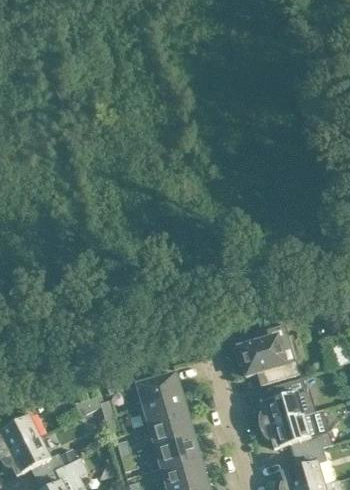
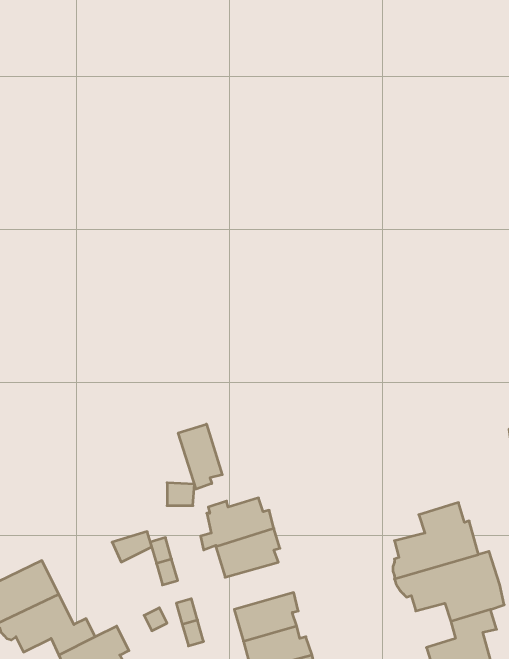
building: [233,324,300,386] -> none
building: none -> [178,424,222,489]
building: [149,417,194,448] -> none

